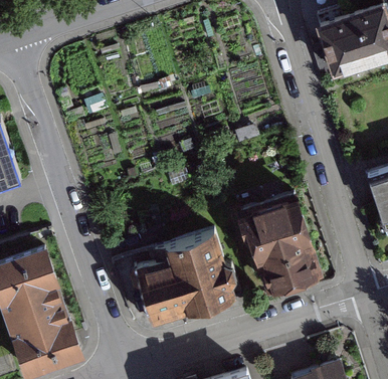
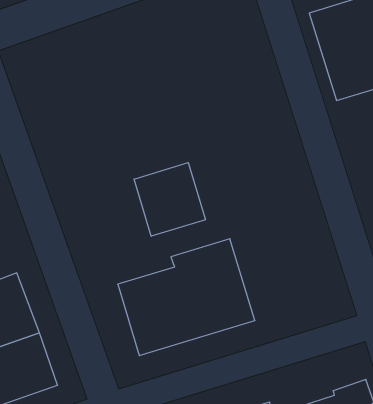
building: none -> [134,163,205,236]
building: [244,189,327,291] -> none

